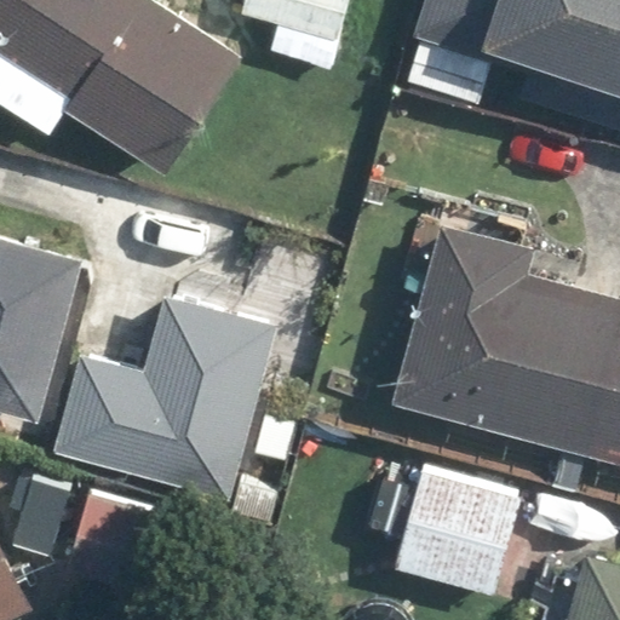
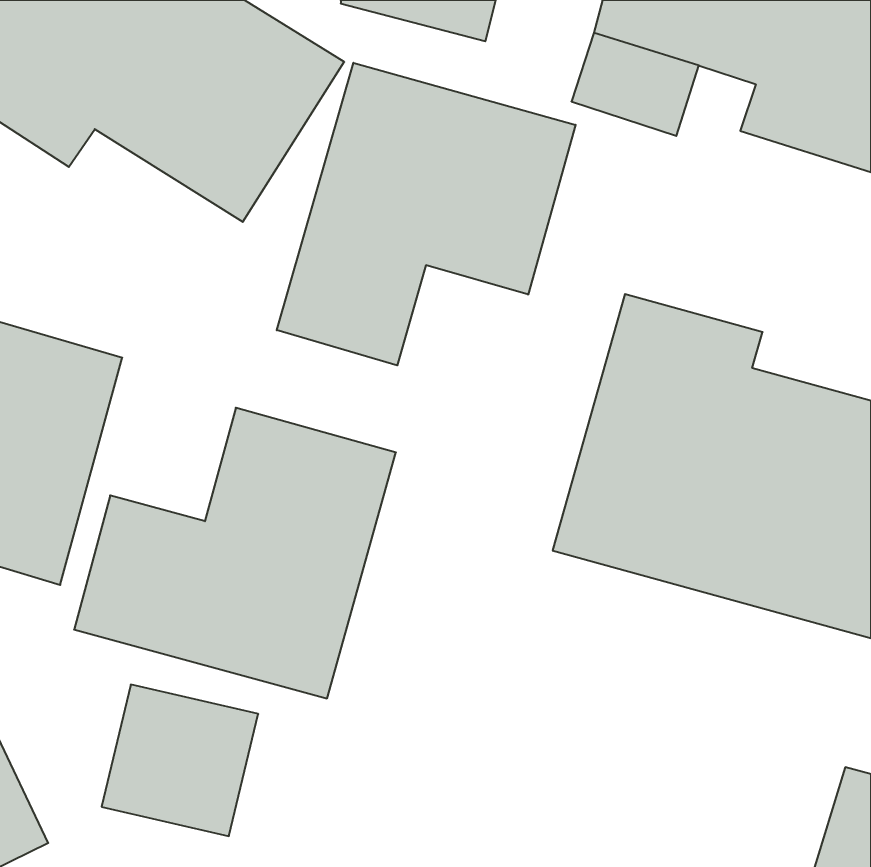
building: none -> [277,63,576,365]
building: [395,467,517,598] -> none

